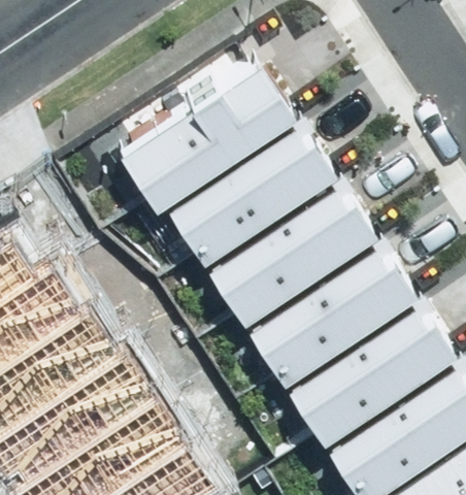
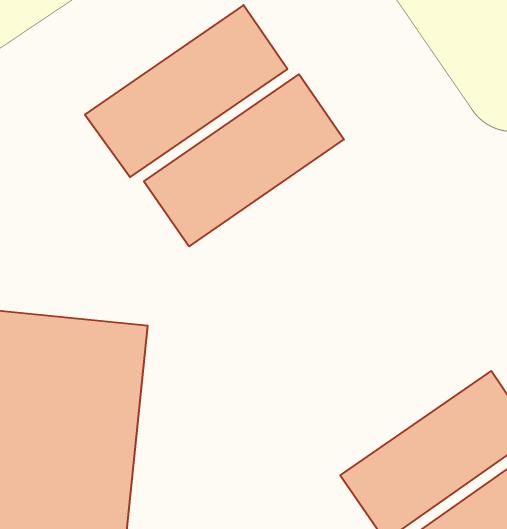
building: [199,167,362,305] -> none
building: [239,228,400,366] -> none
building: [278,289,437,425] -> none

